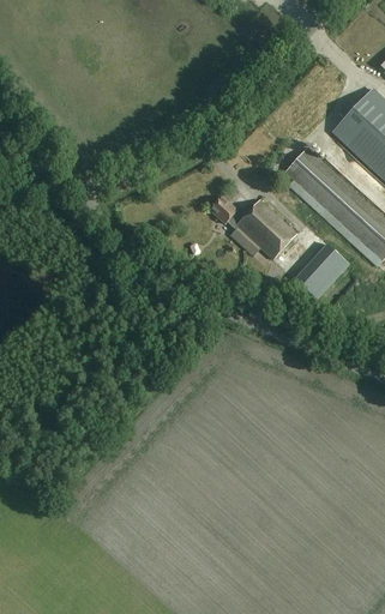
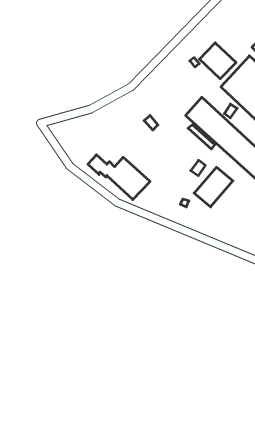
building: none -> [199,43,236,79]
building: [209,194,295,257] -> [88,155,150,200]

